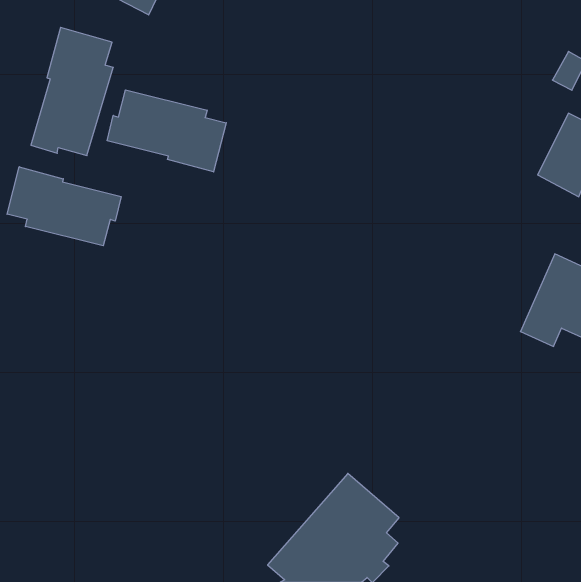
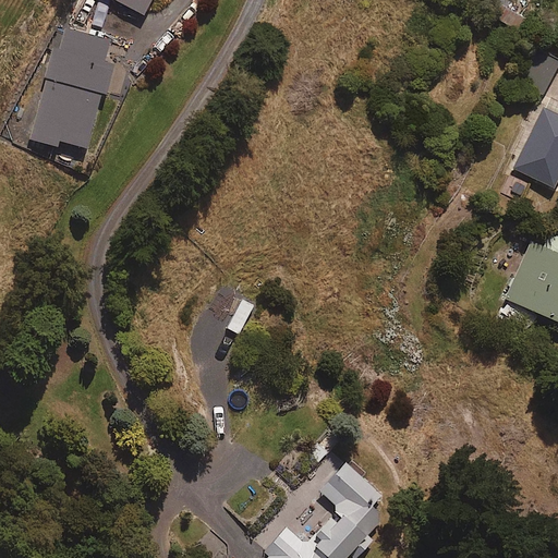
building: [107,90,226,172] -> none
building: [7,167,121,246] -> none

